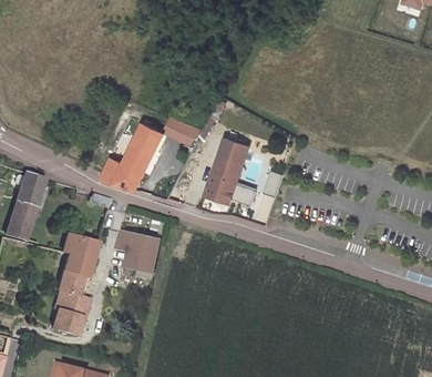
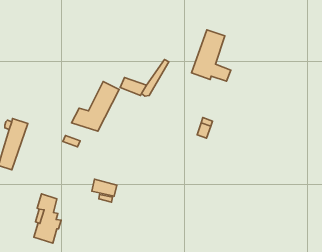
building: [204,139,255,205] -> [191,30,231,81]
building: [116,232,163,258] -> none
building: [60,233,96,275] -> none

